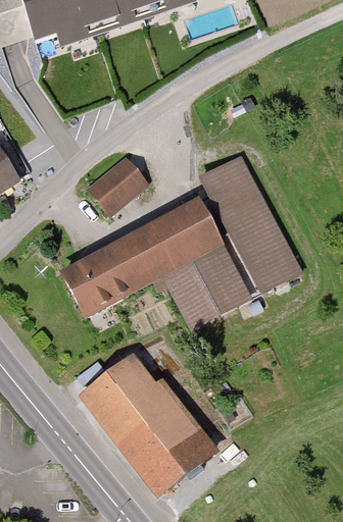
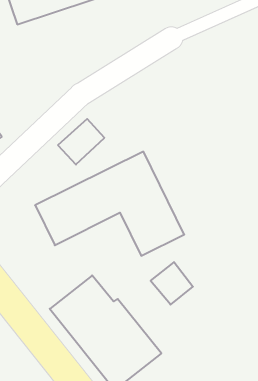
building: [199,158,301,294] -> none
building: none -> [151,262,193,305]

